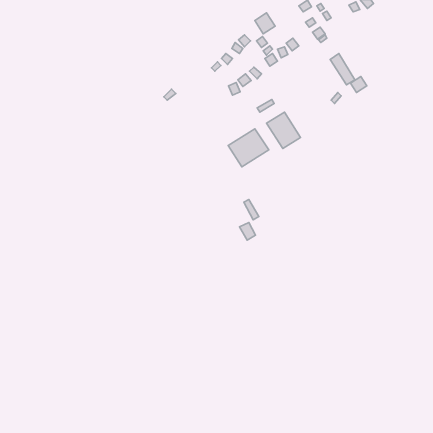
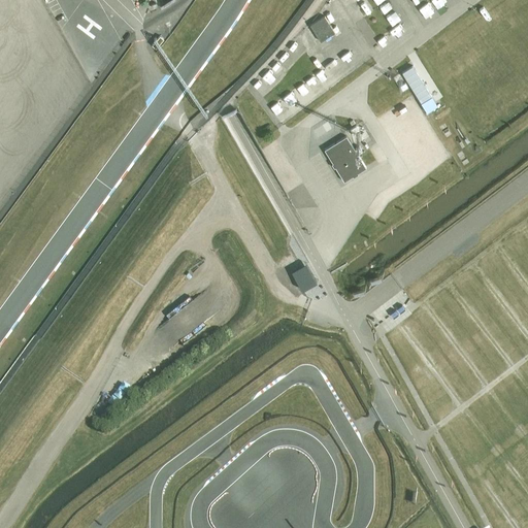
building: [228,129,269,167] -> none

